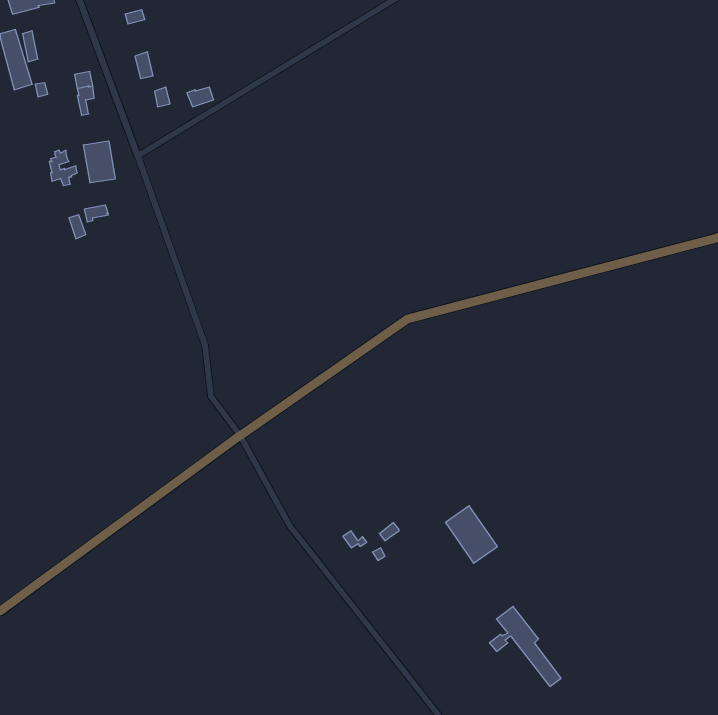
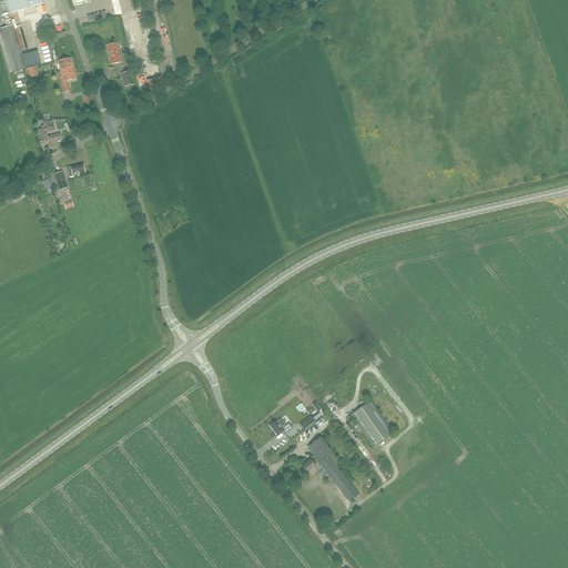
building: [84,141,115,183] -> none
building: [489,606,561,686] -> [302,436,358,499]

